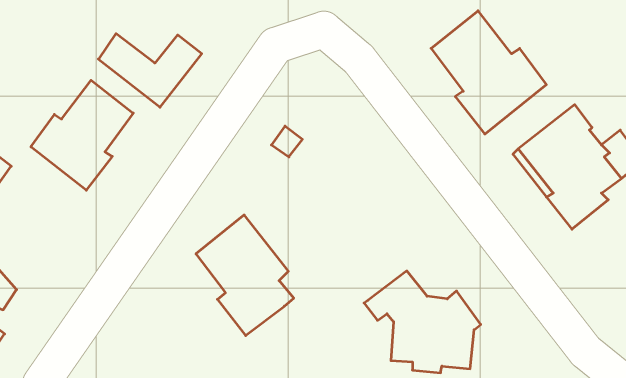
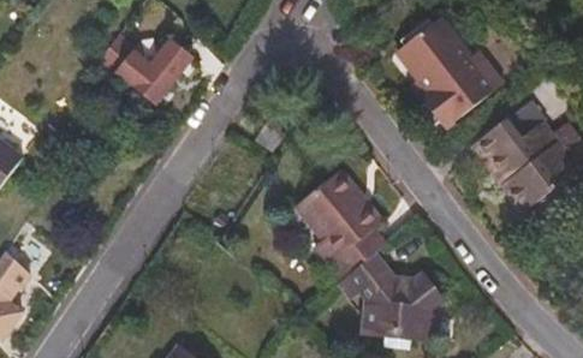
building: [31,80,133,190] -> none
building: [196,215,294,336] -> [297,169,385,278]

